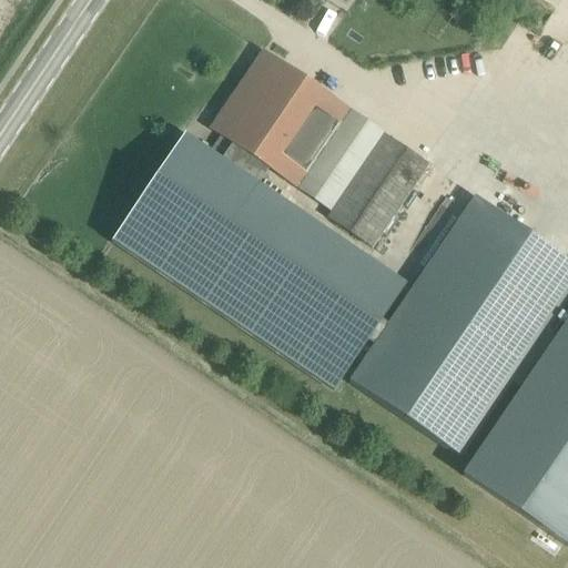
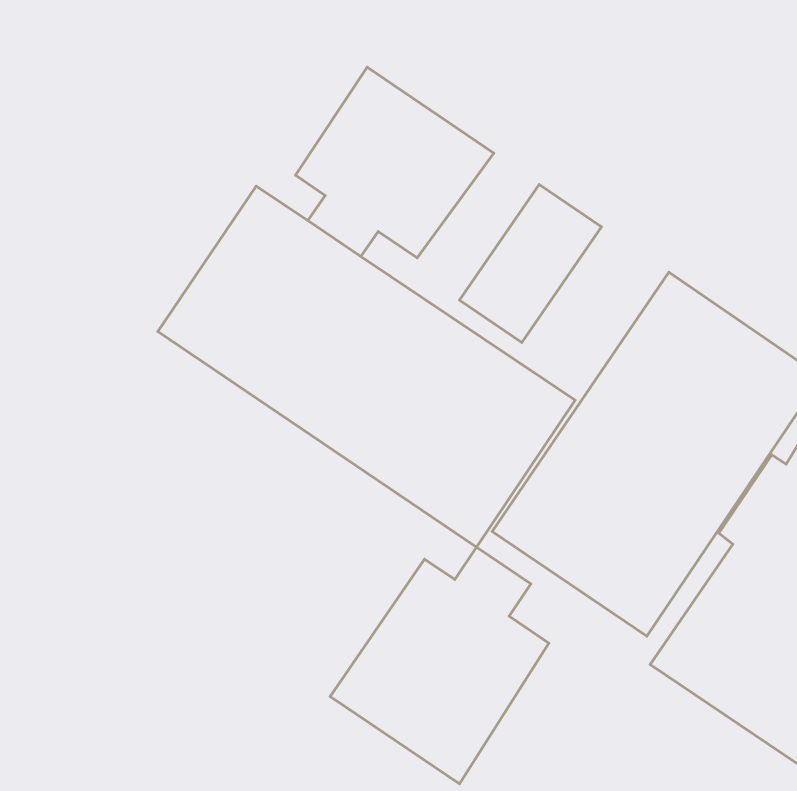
building: [297,109,384,206] -> none
building: none -> [330,547,549,784]

